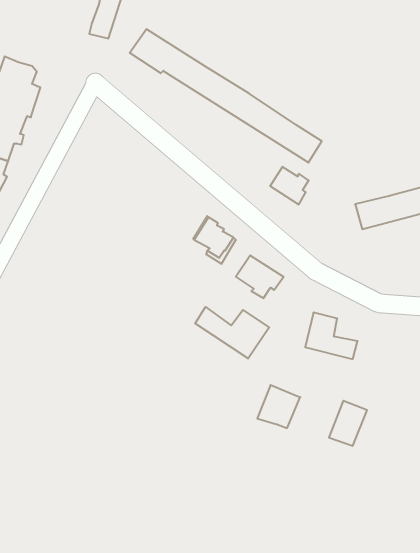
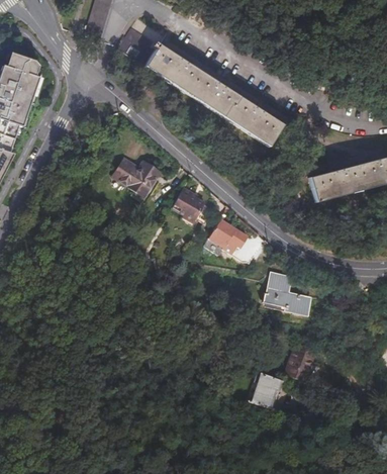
building: [270,167,309,205] -> none
building: none -> [111,159,160,206]
building: [195,307,269,359] -> none
building: [257,385,300,428] -> [249,373,285,409]

